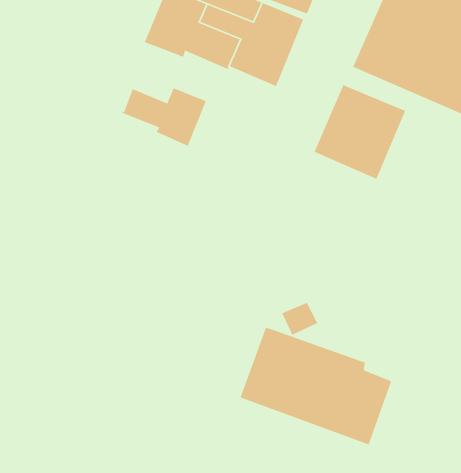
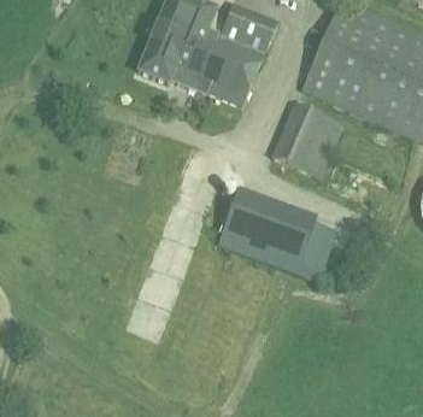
building: [122,87,207,147] -> none
building: [239,327,392,446] -> [218,188,337,281]

